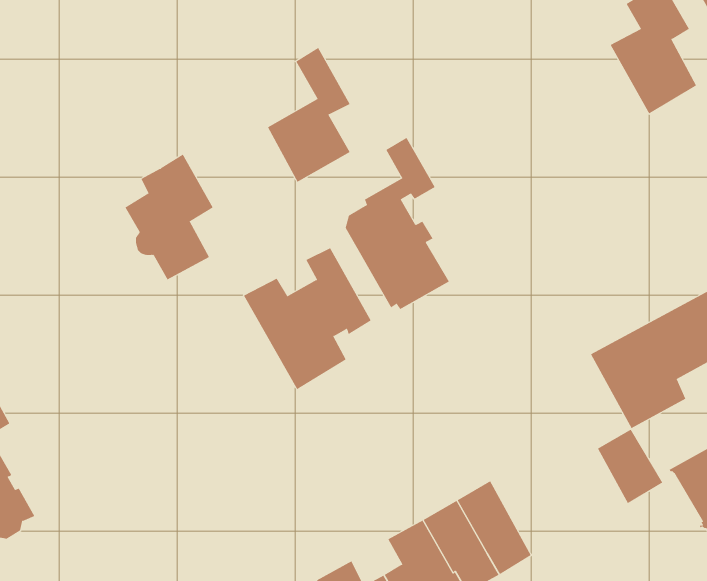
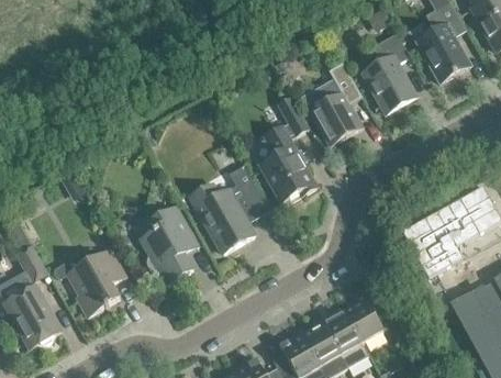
building: none -> [364,33,415,113]
building: [267,47,351,182] -> [311,63,363,146]
building: [125,154,214,280] -> [140,207,194,285]
building: none -> [67,248,125,316]
building: [597,429,663,504] -> [343,298,383,344]

